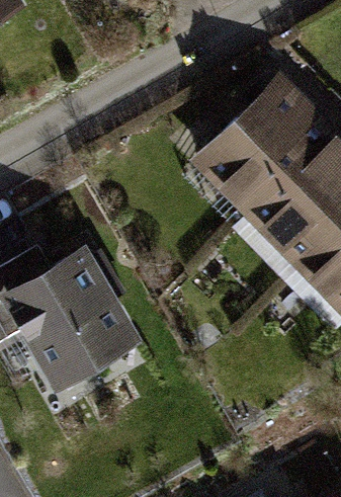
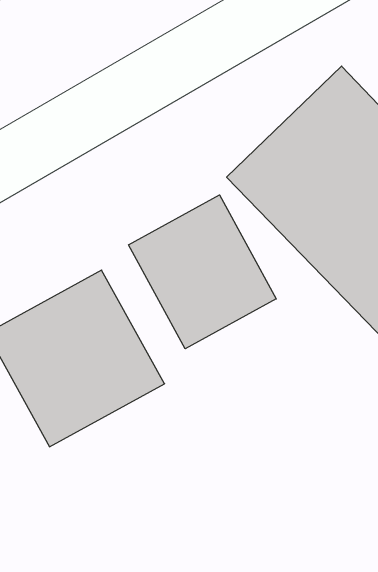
building: none -> [129,195,276,349]

